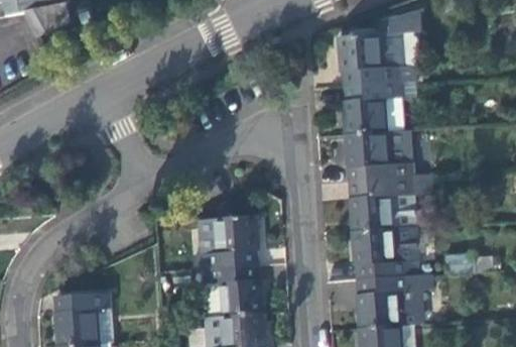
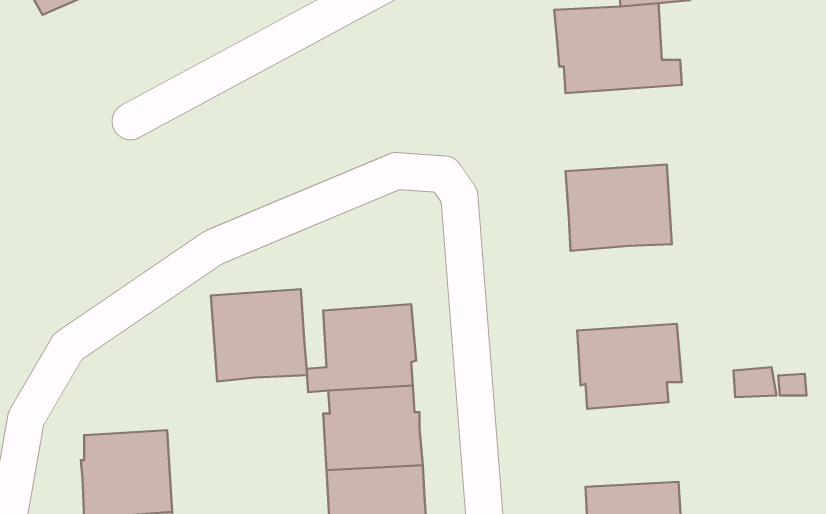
building: [344,81,420,133] -> none
building: [350,176,428,230] -> none
building: none -> [211,289,307,382]
building: [357,272,430,325] -> none

